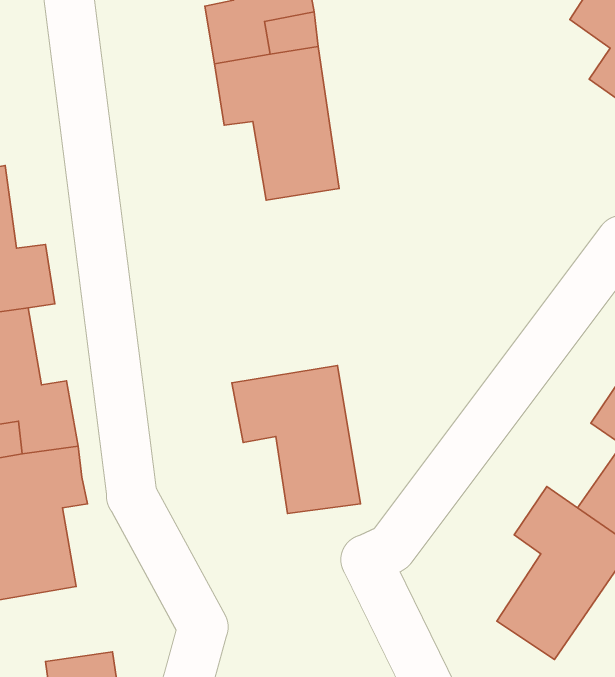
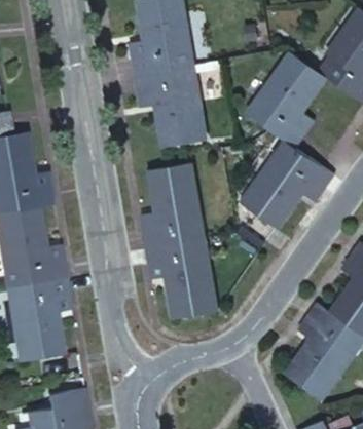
building: none -> [260,52,326,147]
building: none -> [242,154,333,226]
building: none -> [141,164,204,246]

